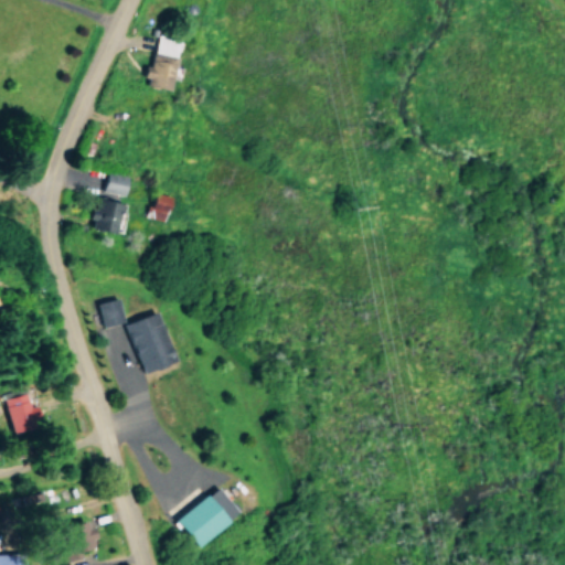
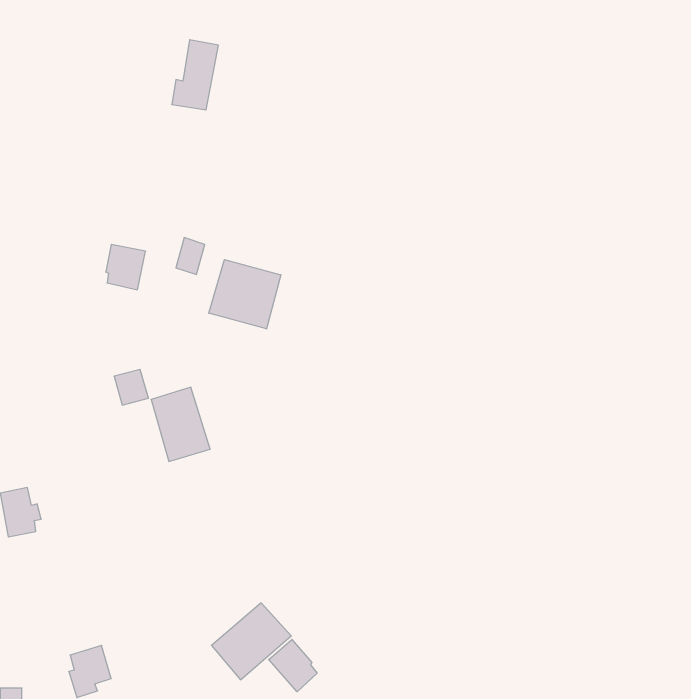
building: [107,173,130,196] -> none
building: none -> [209,260,281,329]
building: none -> [269,639,317,692]

